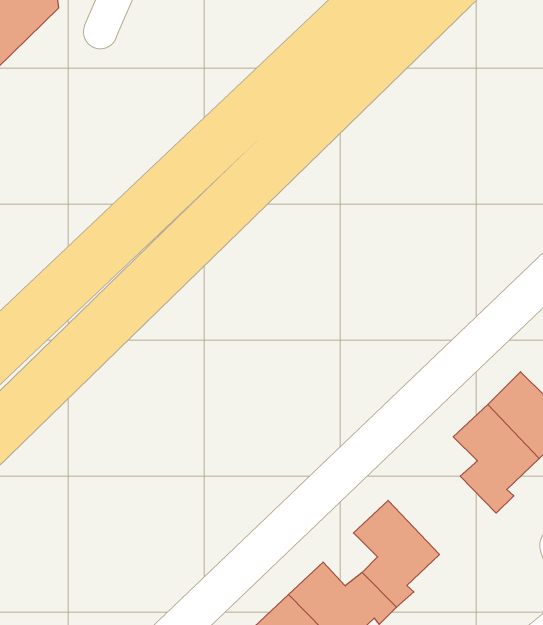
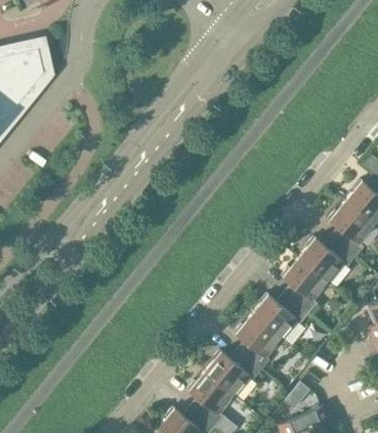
building: none -> [251,294,309,340]

